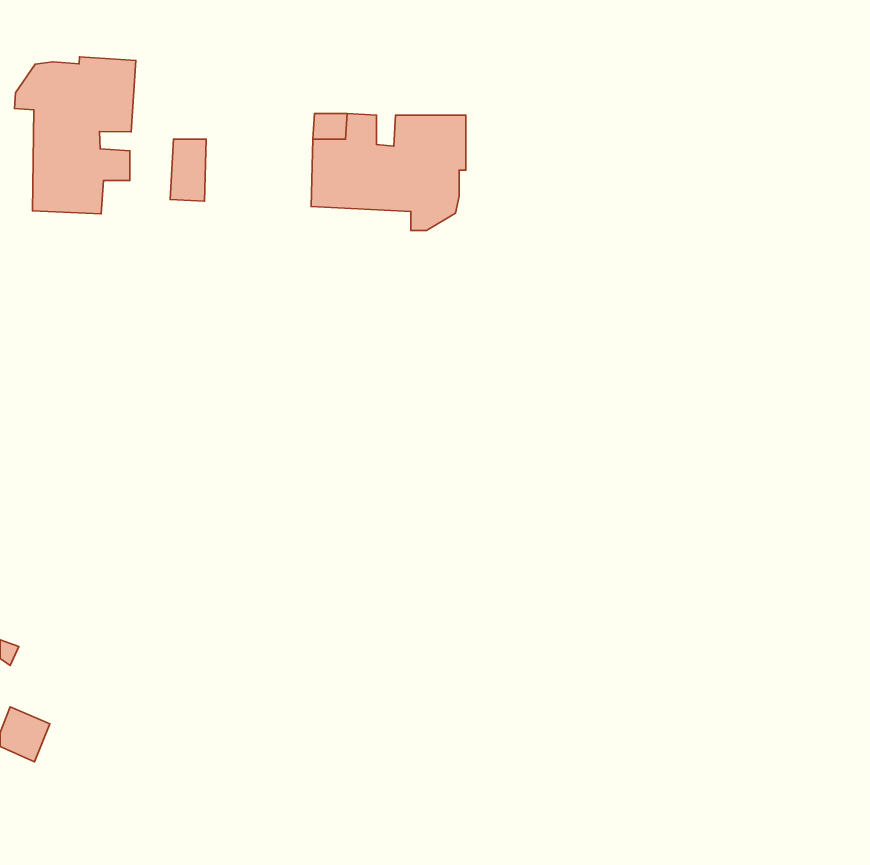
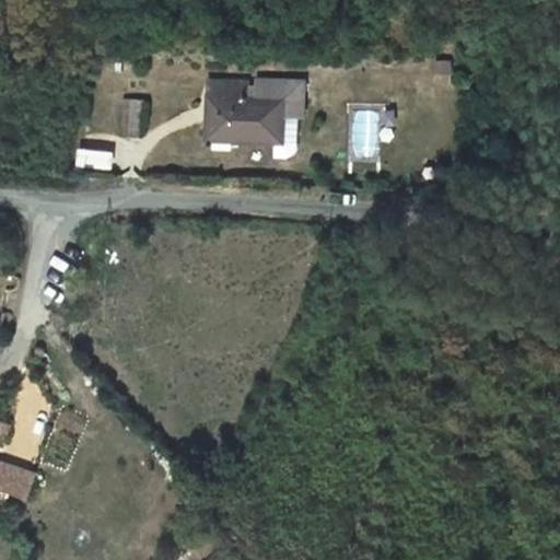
building: [15,57,136,214] -> none

